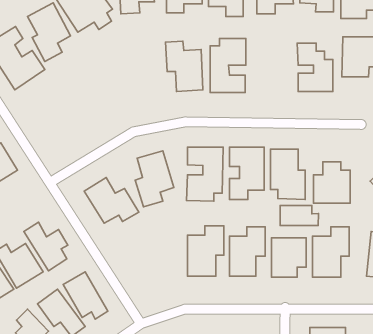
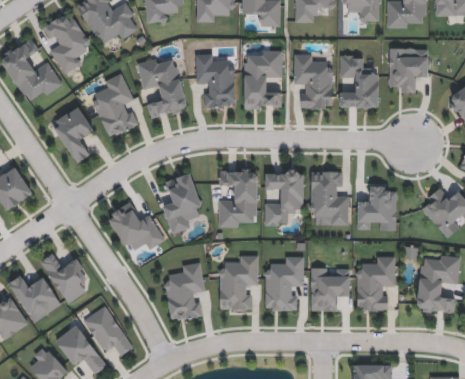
building: none -> [294,54,333,108]
building: none -> [137,57,187,118]
building: none -> [91,73,138,139]
building: none -> [51,106,94,163]
building: [280,205,319,226] -> none
building: none -> [165,263,204,321]

